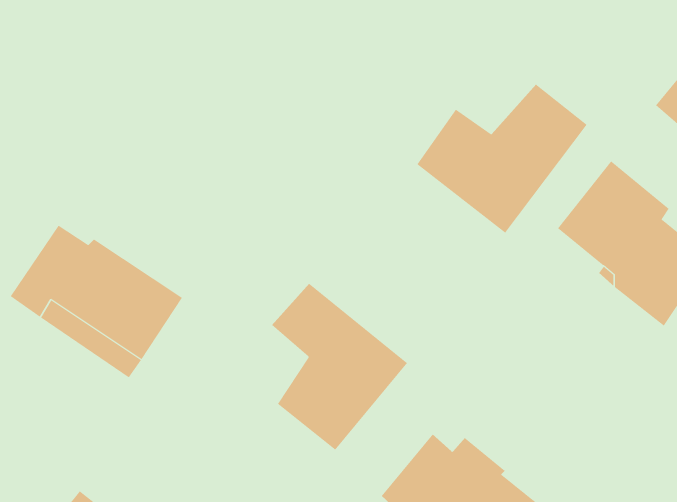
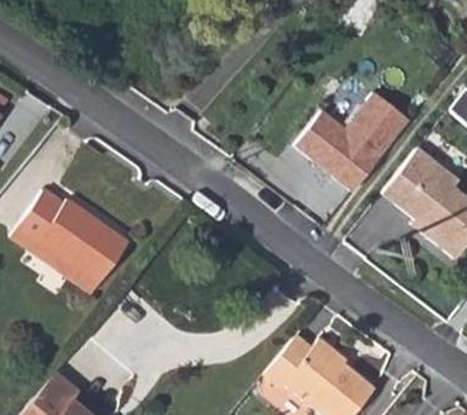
building: [271,283,408,450] -> none

